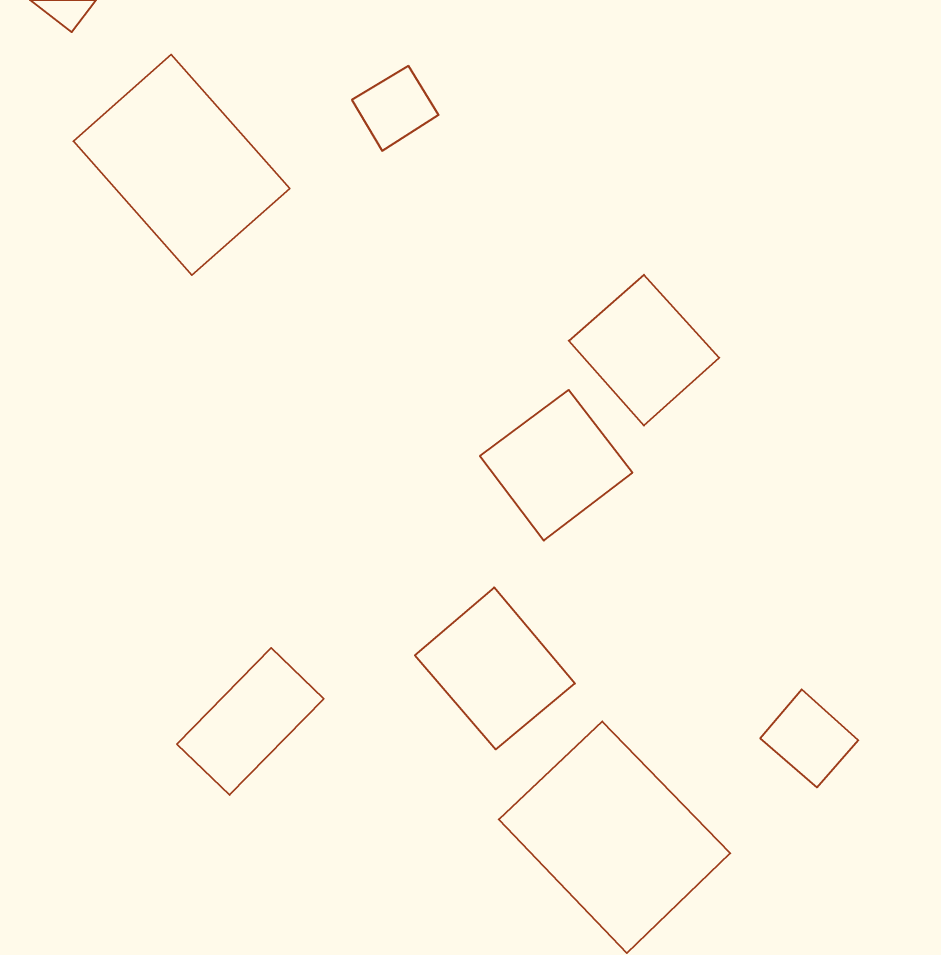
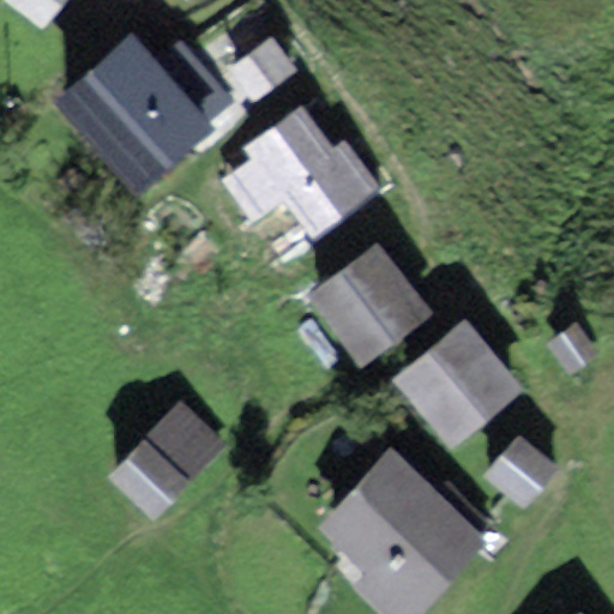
building: [569,275,719,426] -> [254,110,350,206]
building: [415,587,575,749] -> [407,333,508,437]

